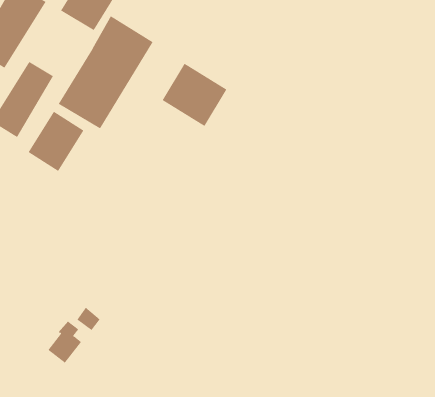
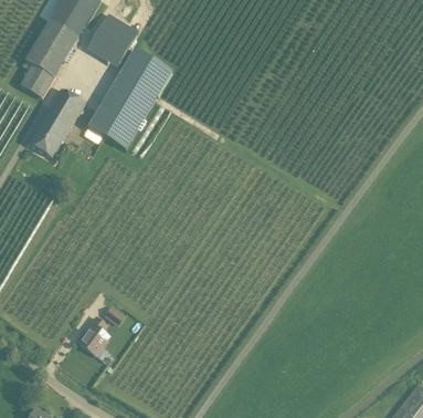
building: [162,63,227,127] -> none
building: [28,111,84,172] -> none

